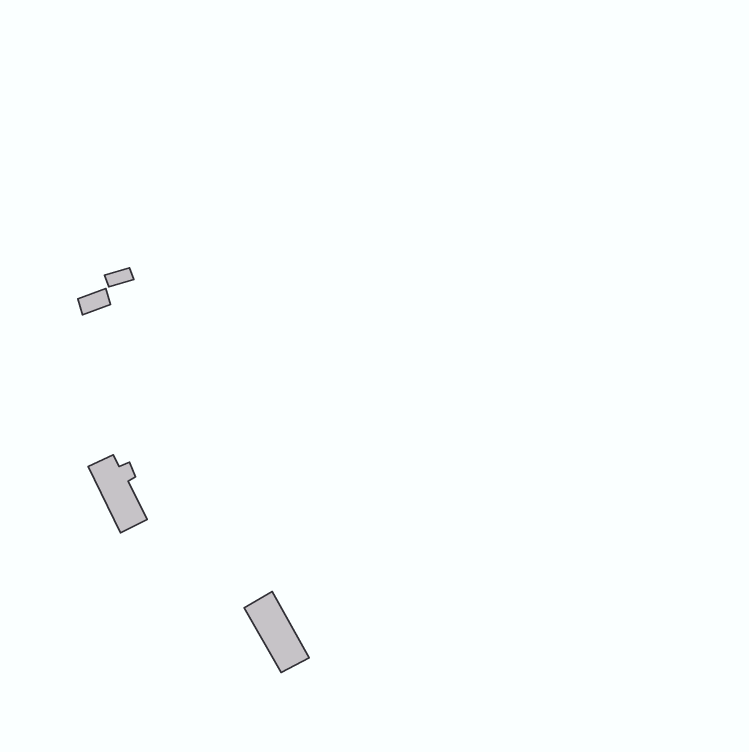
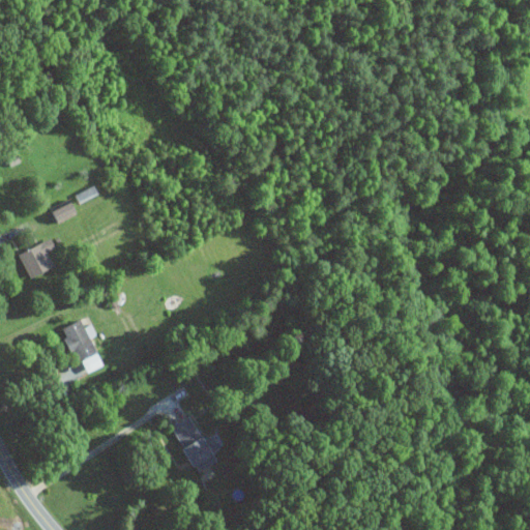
building: none -> [17,239,55,278]

